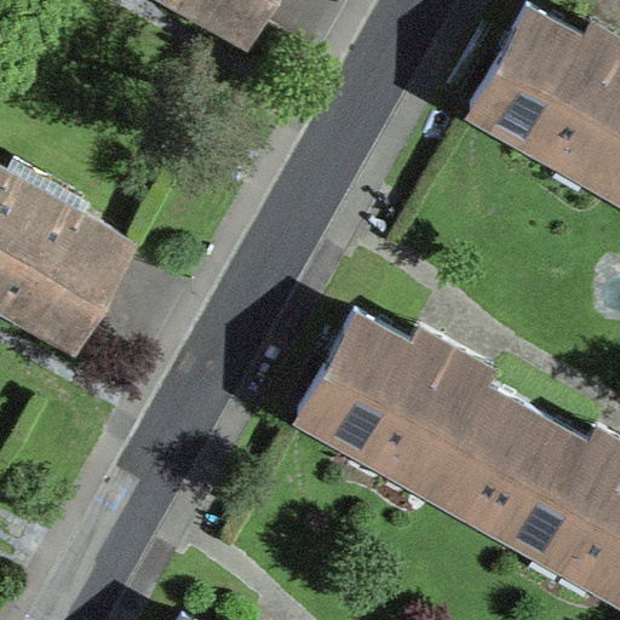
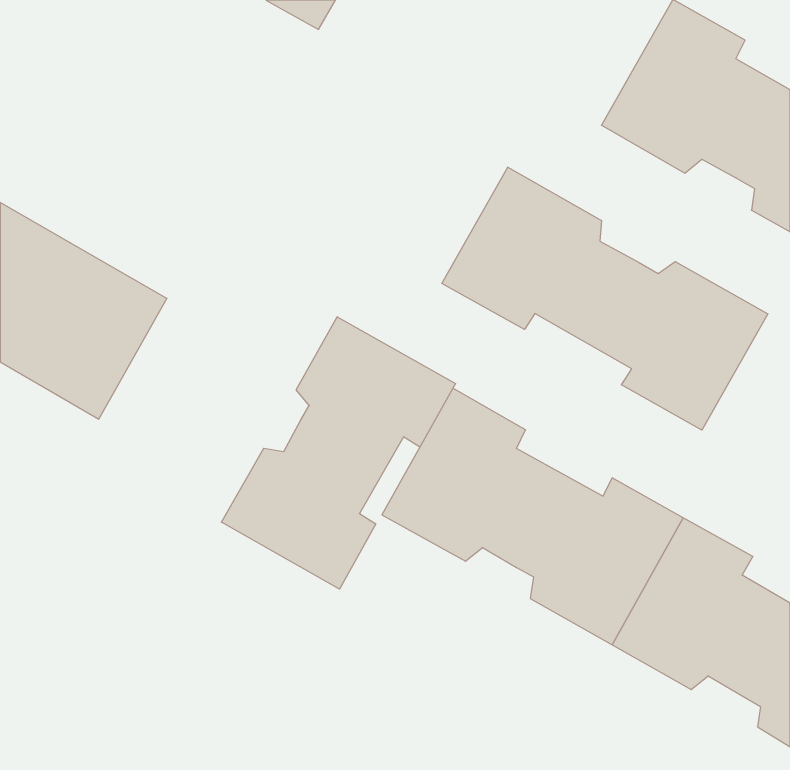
building: none -> [442,167,768,430]
building: none -> [221,317,456,589]

